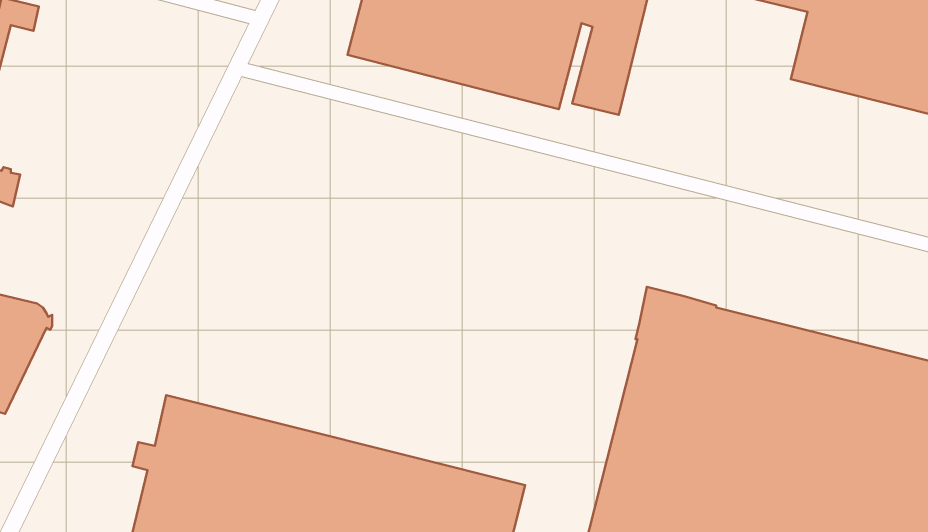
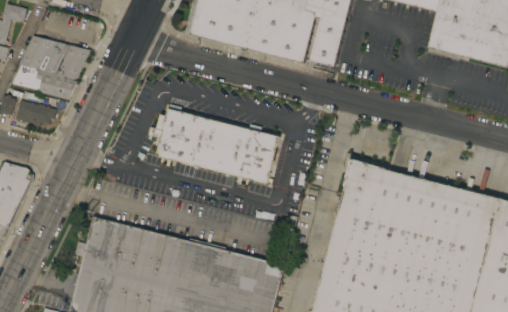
building: none -> [11,35,89,99]
building: none -> [14,99,55,125]
building: none -> [155,103,279,185]

